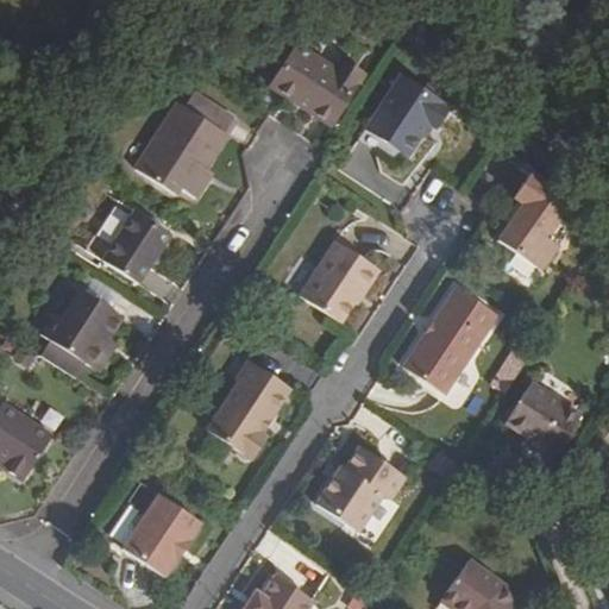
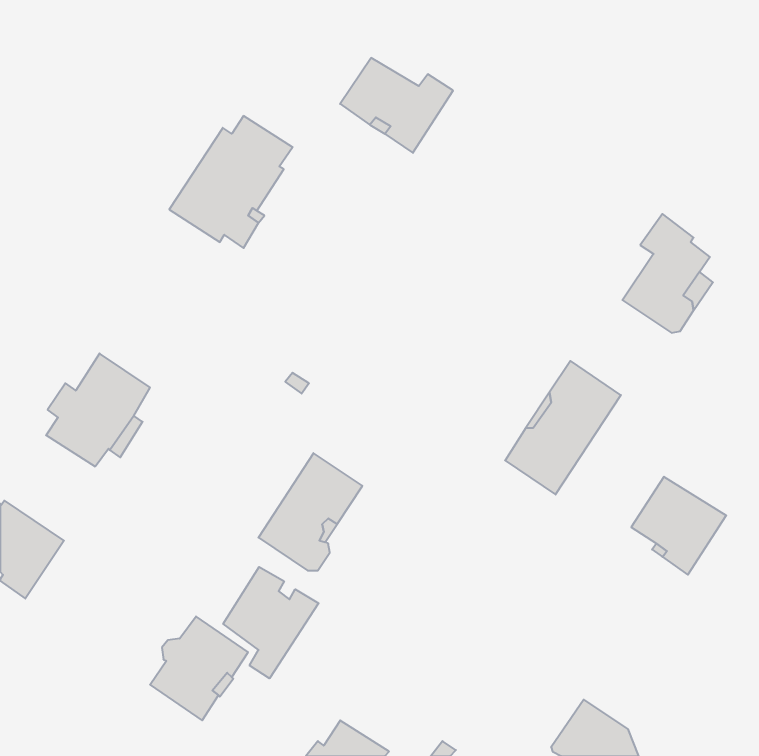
building: [365,74,448,153] -> none
building: [88,195,174,280] -> none
building: [300,240,379,322] -> none
building: [314,447,406,526] -> none
building: none -> [223,567,319,678]

